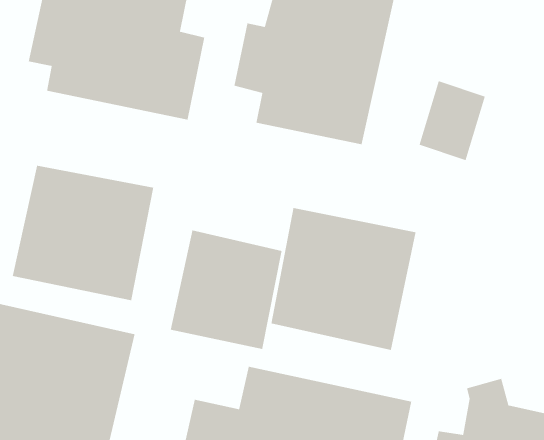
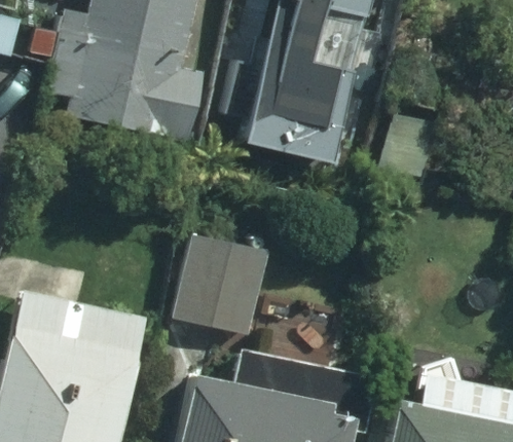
building: [12,165,154,301] -> none
building: [271,207,416,351] -> none

